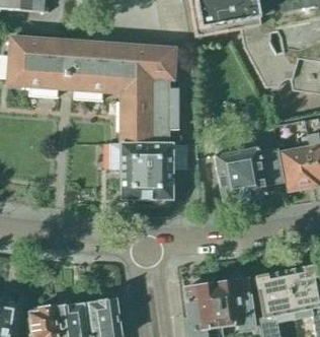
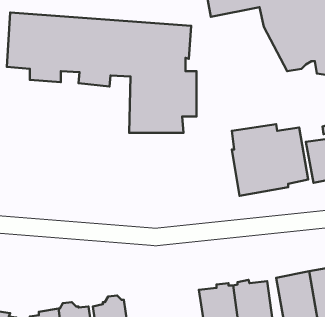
building: [110,144,187,199] -> none

